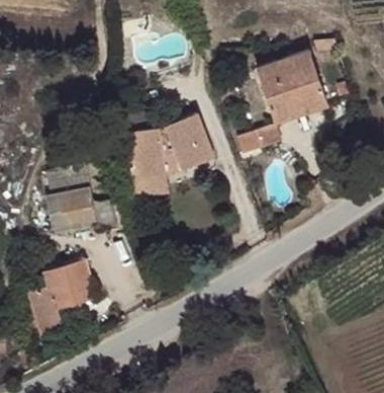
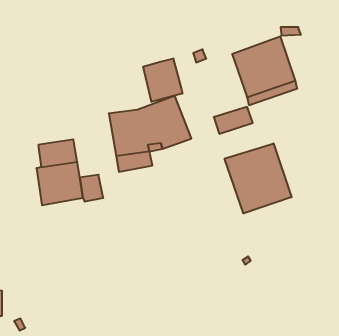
building: none -> [143,58,182,102]
building: none -> [225,143,292,213]
building: [30,259,96,332] -> none

